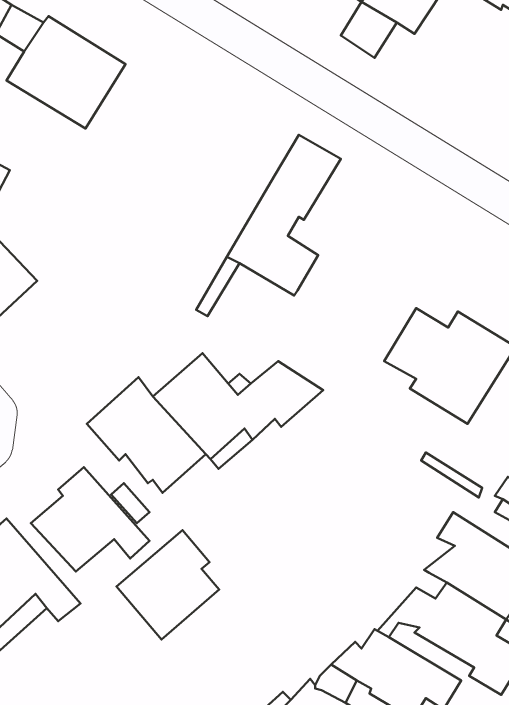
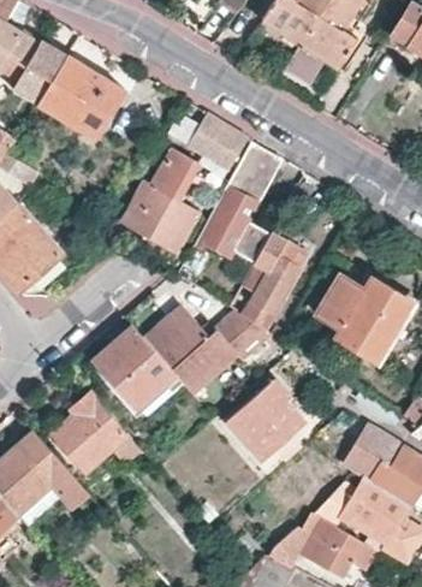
building: none -> [188,114,248,172]
building: none -> [118,148,196,251]
building: none -> [243,232,303,312]
building: [116,530,219,639] -> [226,378,303,459]

